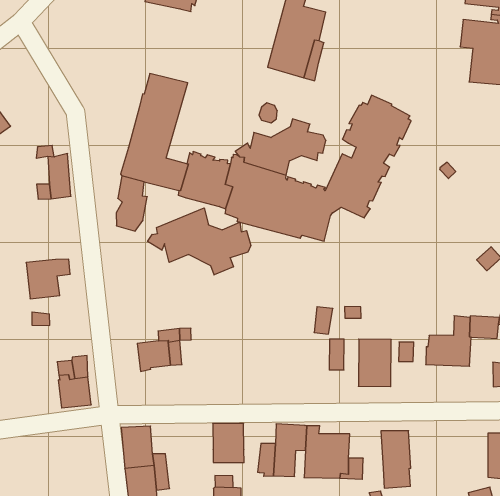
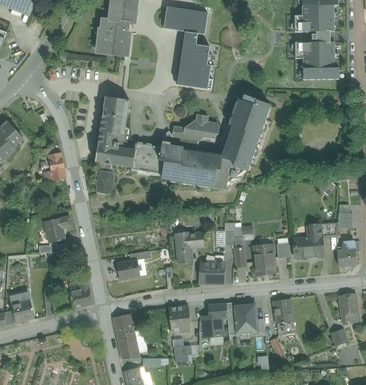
building: [148,208,251,275] -> none
building: none -> [175,233,204,263]
building: none -> [198,255,224,285]

